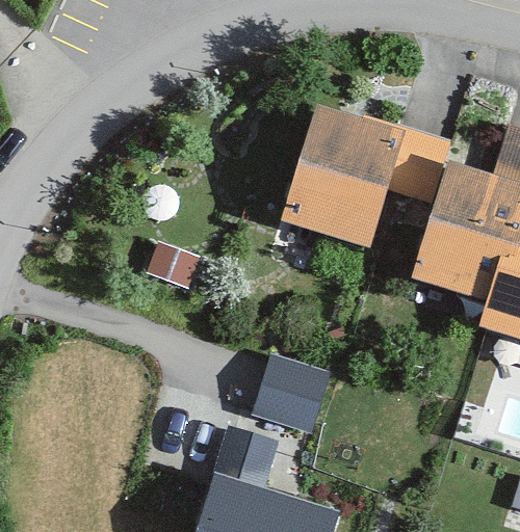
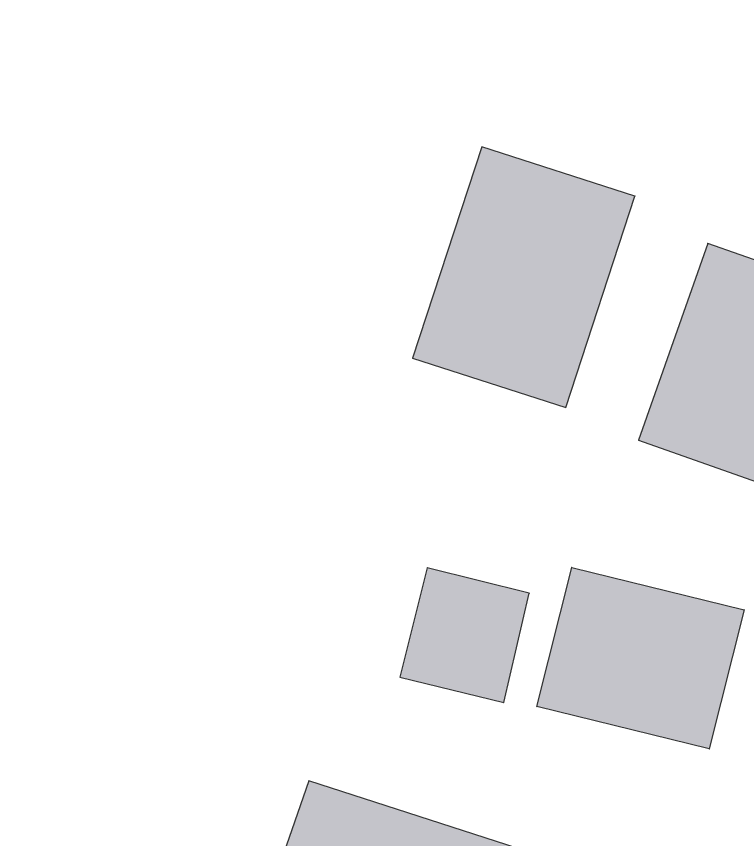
building: none -> [537,567,744,749]

